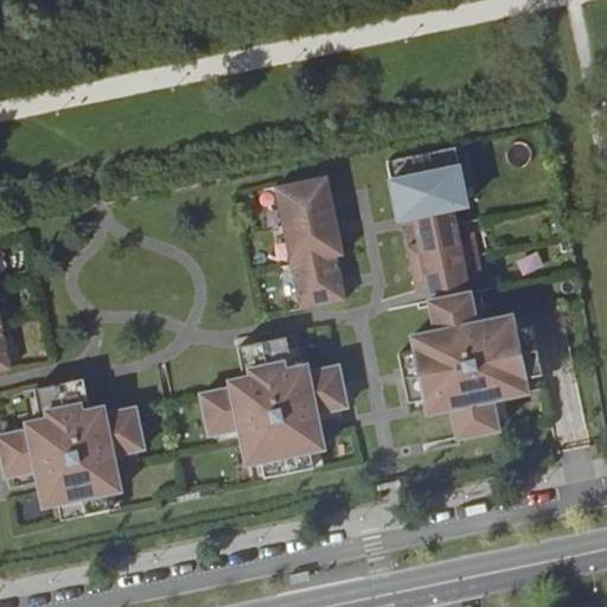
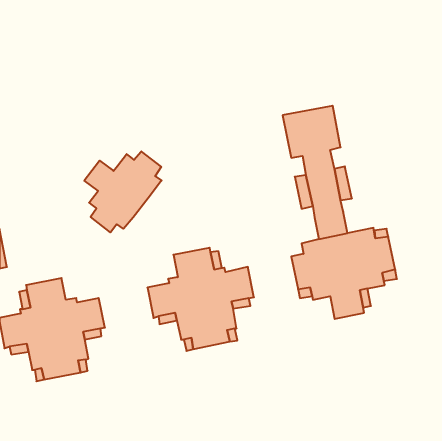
building: [275,173,344,306] -> none
building: none -> [84,151,162,232]

